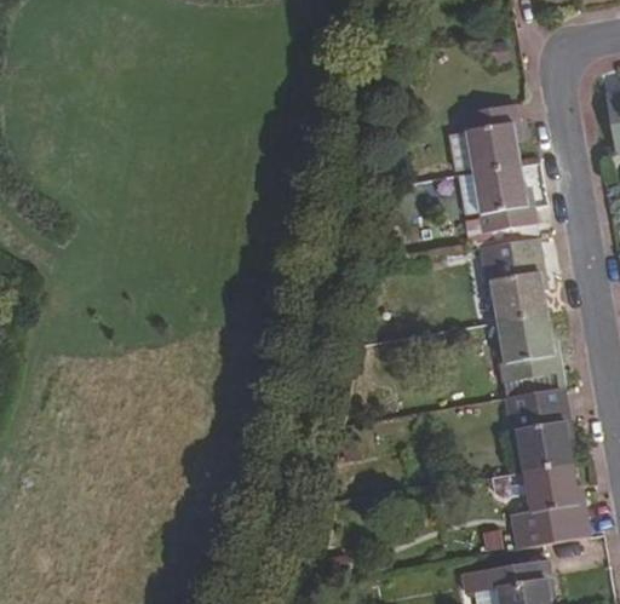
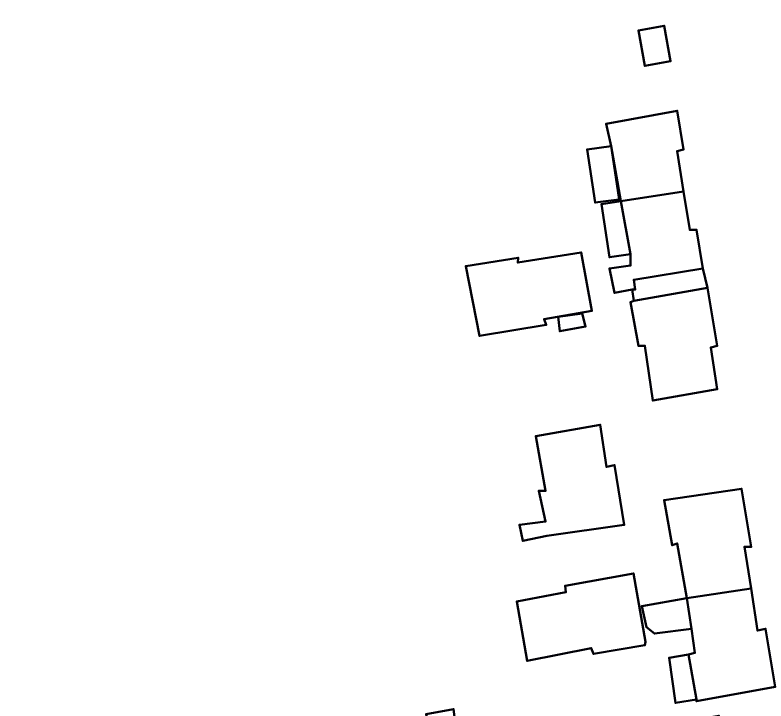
building: none -> [466,252,592,336]
building: [486,315,564,402] -> [520,425,624,541]
building: none -> [517,573,646,661]

